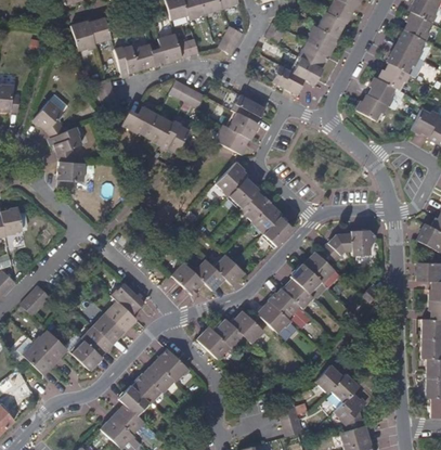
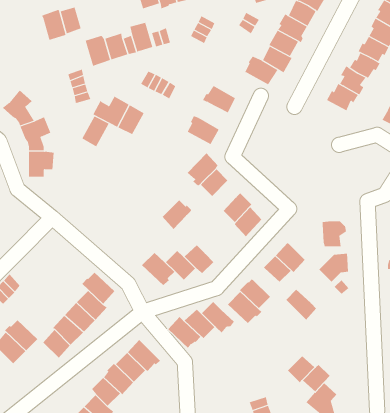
building: [228,113,257,140] -> none
building: [161,123,190,154] -> [81,116,110,147]
building: [239,191,270,221] -> [162,199,192,230]
building: [321,234,351,263] -> [318,253,349,283]
building: [282,279,313,310] -> [285,289,317,320]

